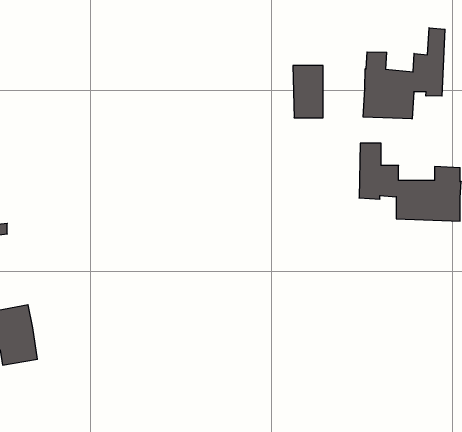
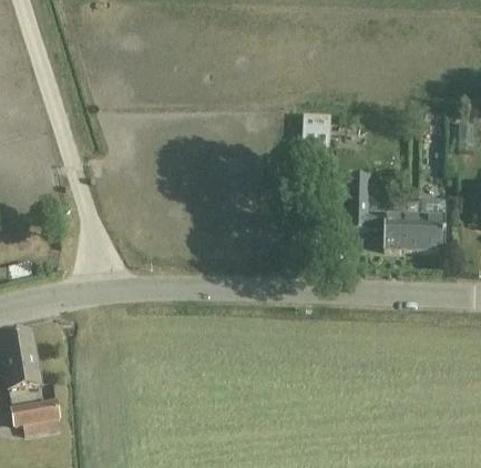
building: [363,28,445,119] -> none
building: none -> [13,398,60,424]

